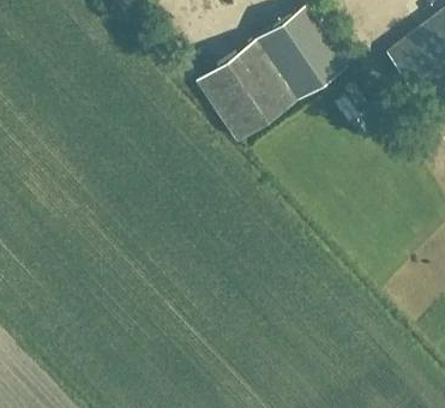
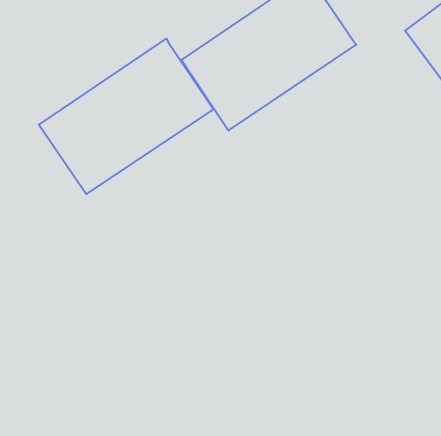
building: none -> [39,39,213,194]

